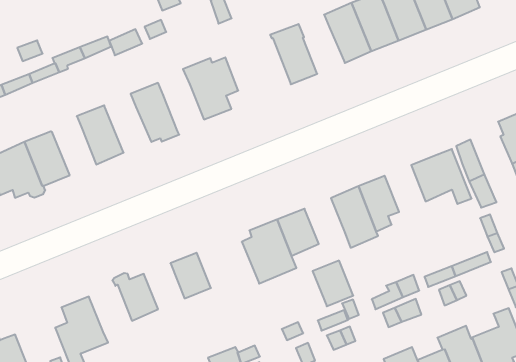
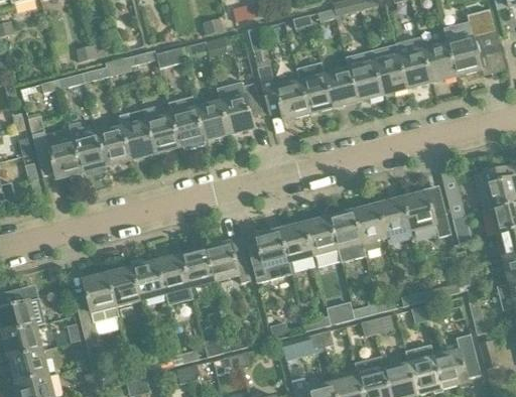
building: none -> [325,68,358,107]
building: none -> [257,62,308,120]
building: none -> [197,101,229,140]
building: none -> [144,106,180,152]
building: none -> [96,124,130,165]
building: none -> [379,197,411,237]
building: none -> [207,239,251,282]
building: [313,261,353,306] -> [305,217,338,255]
building: none -> [158,254,194,304]
building: none -> [108,266,142,305]

